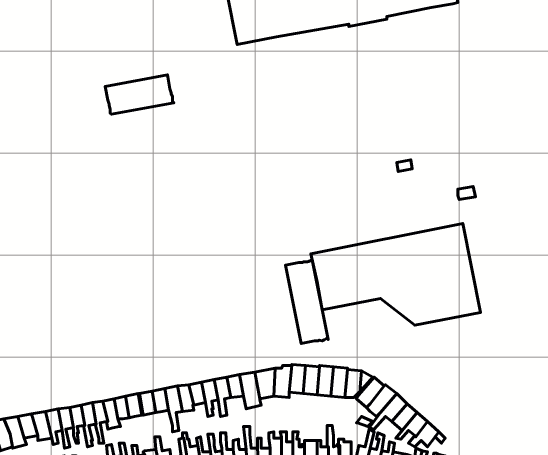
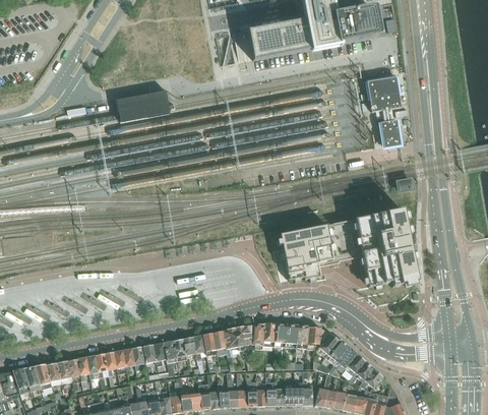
building: none -> [366,76,401,146]
building: [286,260,328,343] -> none

